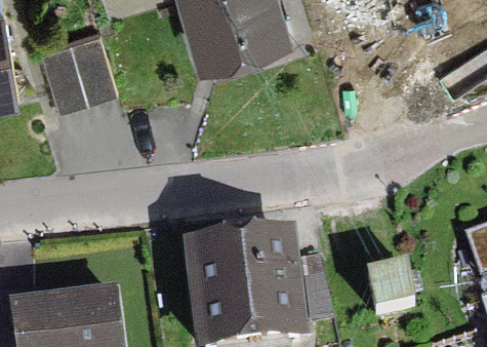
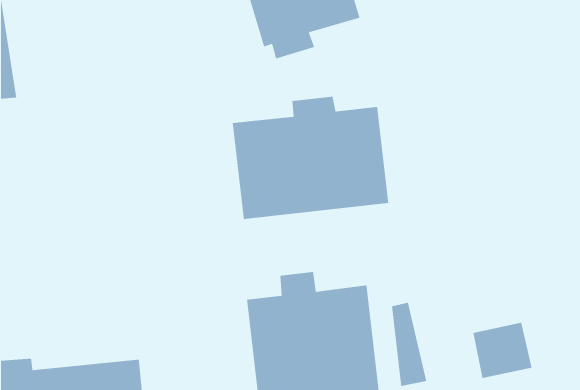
building: [39,30,116,106] -> none
building: none -> [232,96,389,220]

